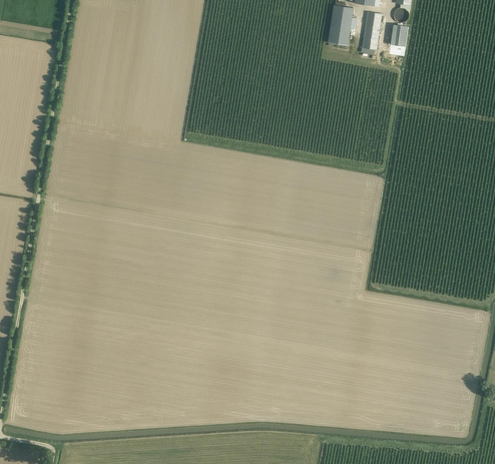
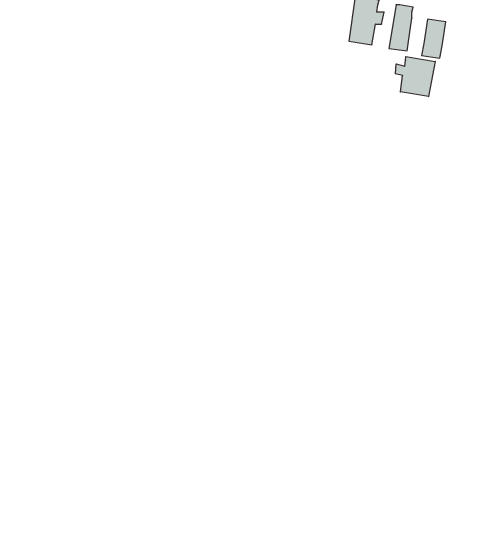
building: none -> [395,57,435,97]

